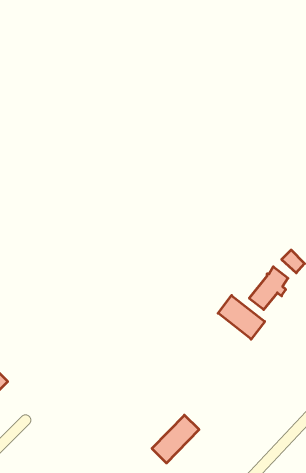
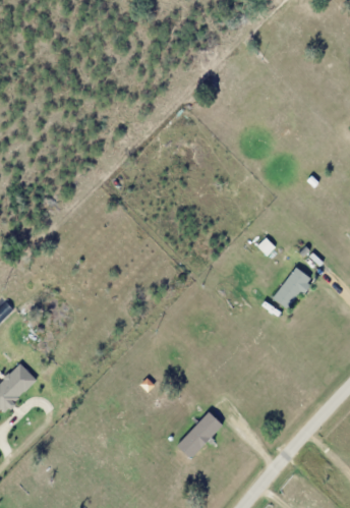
building: [218,295,265,339] -> none

